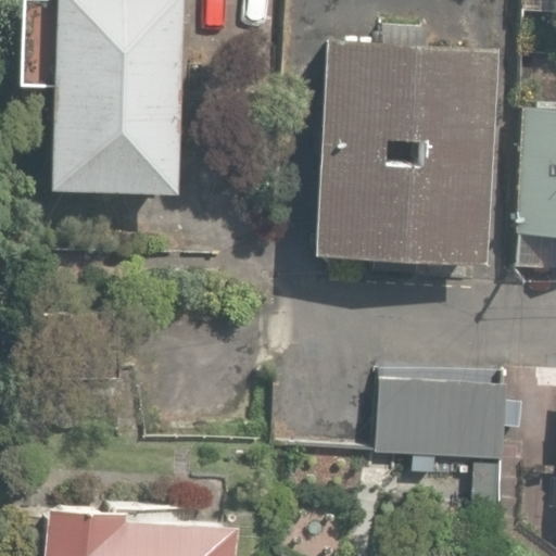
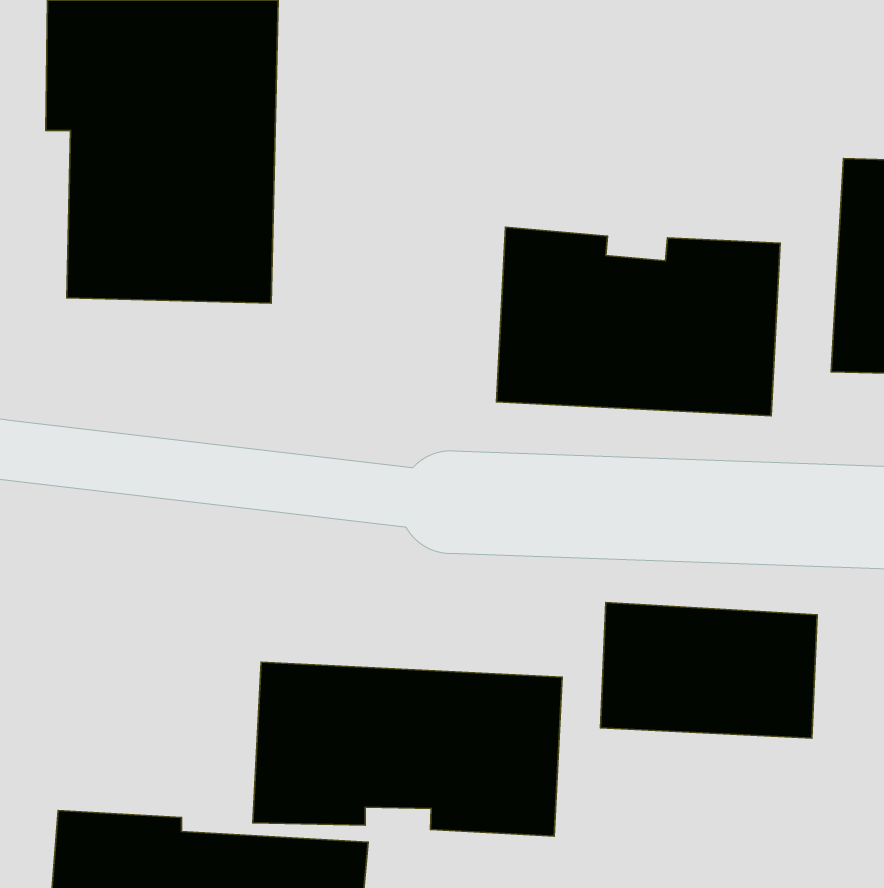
building: [321,29,496,157] -> none
building: none -> [253,662,562,836]

